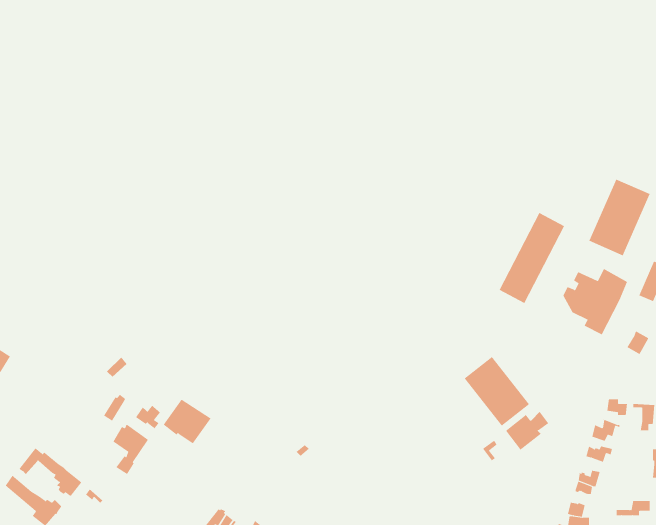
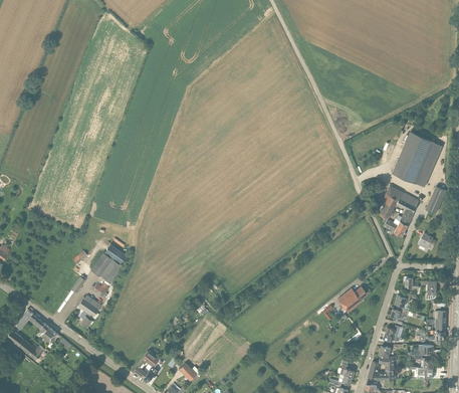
building: [499,212,565,304] -> none
building: [464,356,530,427] -> none
building: [163,399,211,444] -> [90,253,123,283]

